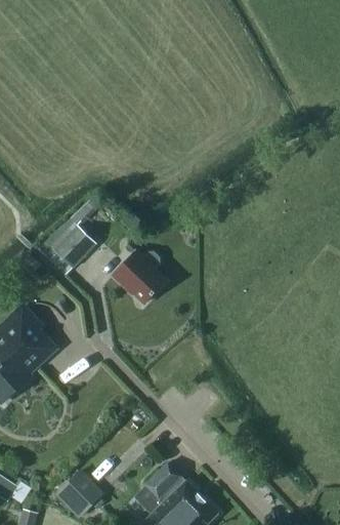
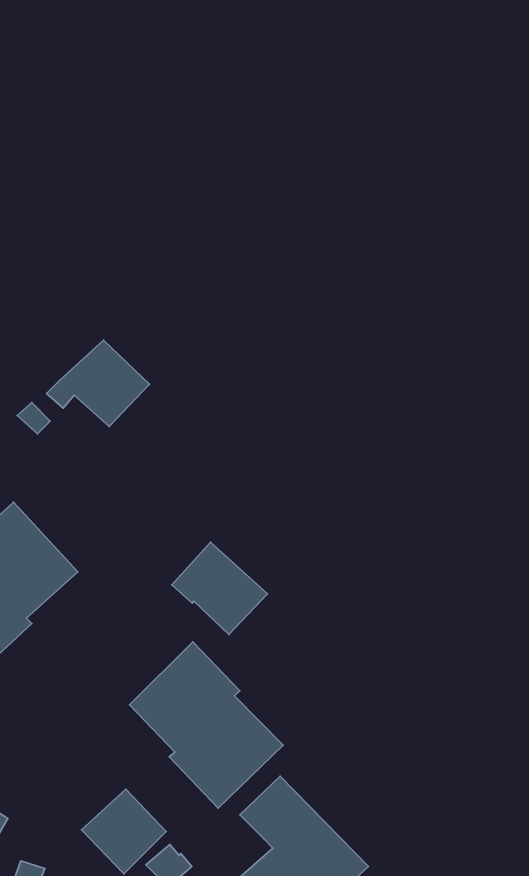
building: [112,252,165,304] -> [172,542,267,634]
building: none -> [129,642,283,808]

